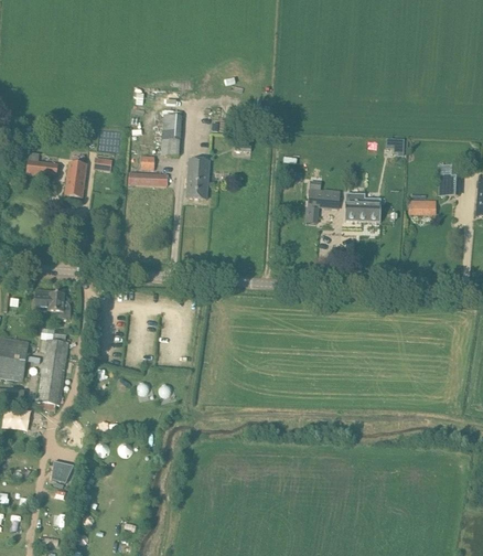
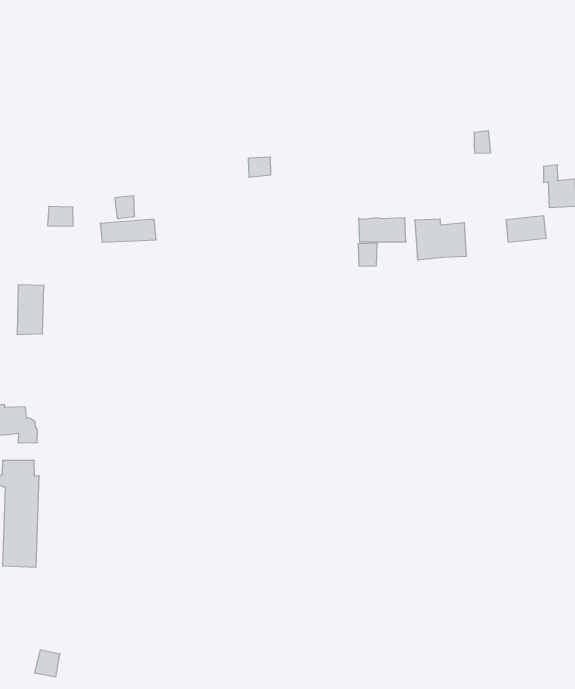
building: [160,114,182,154] -> none
building: [186,159,208,197] -> none
building: [65,161,87,196] -> [17,285,44,335]

